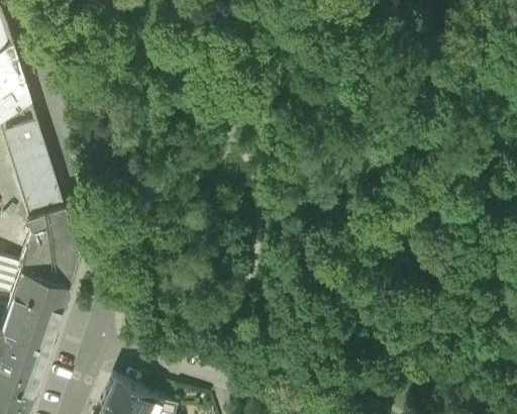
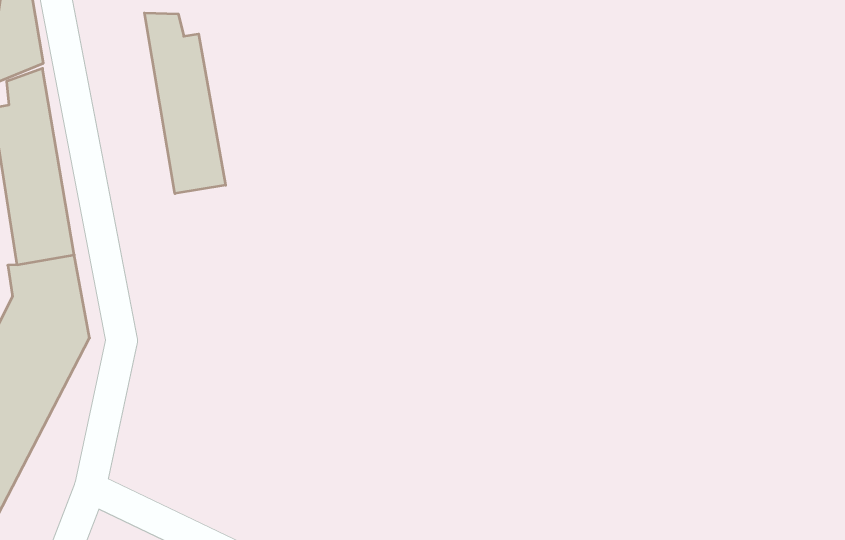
building: none -> [144,13,226,194]

